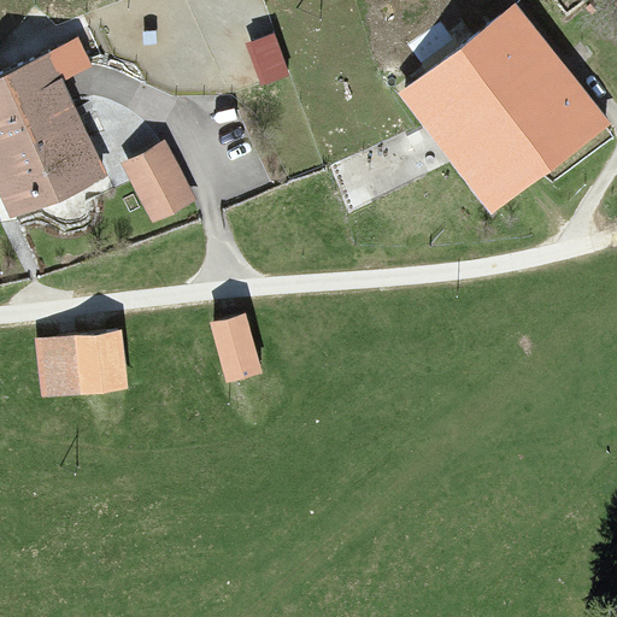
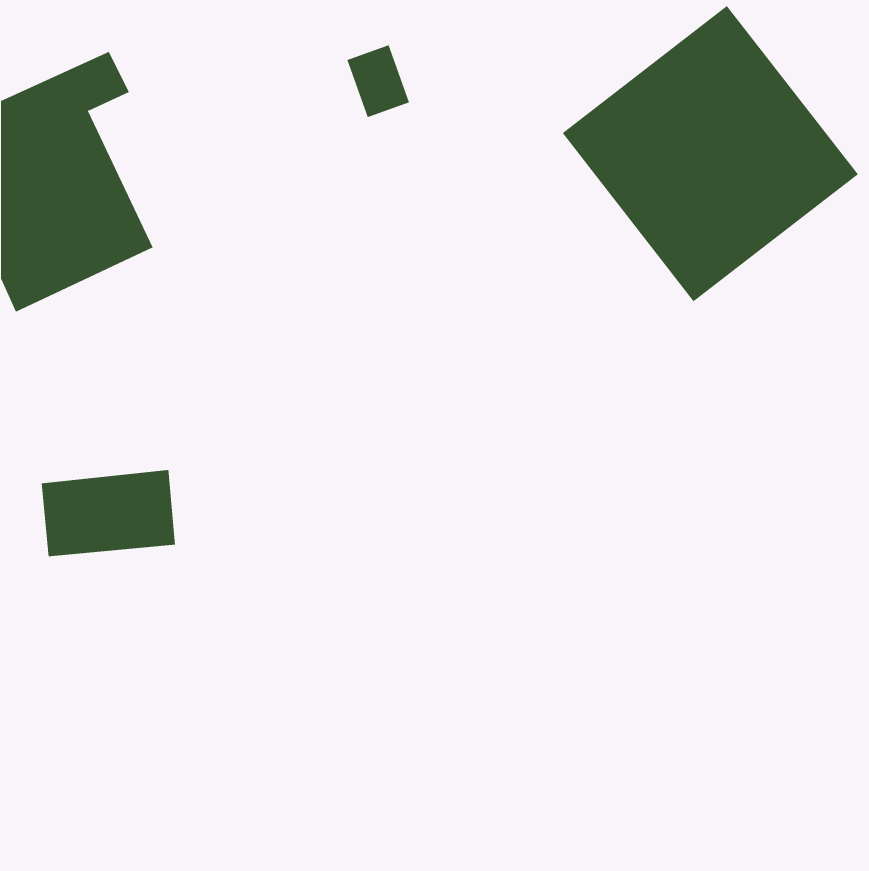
building: [122,145,189,221] -> none
building: [211,312,258,381] -> none

